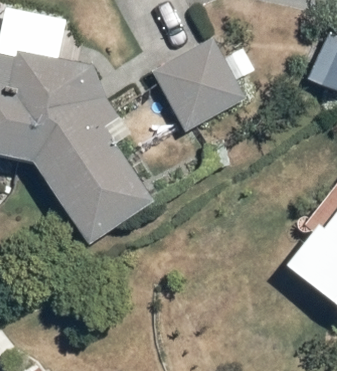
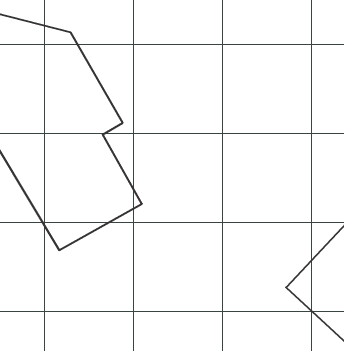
building: [149,36,257,135] -> none

